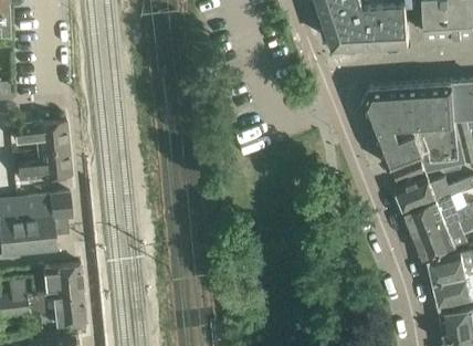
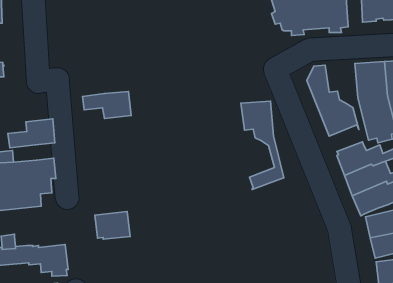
building: [382,84,432,186] -> [241,101,284,189]
building: [12,120,69,151] -> [82,92,131,118]
building: [42,264,83,296] -> [95,211,130,239]

